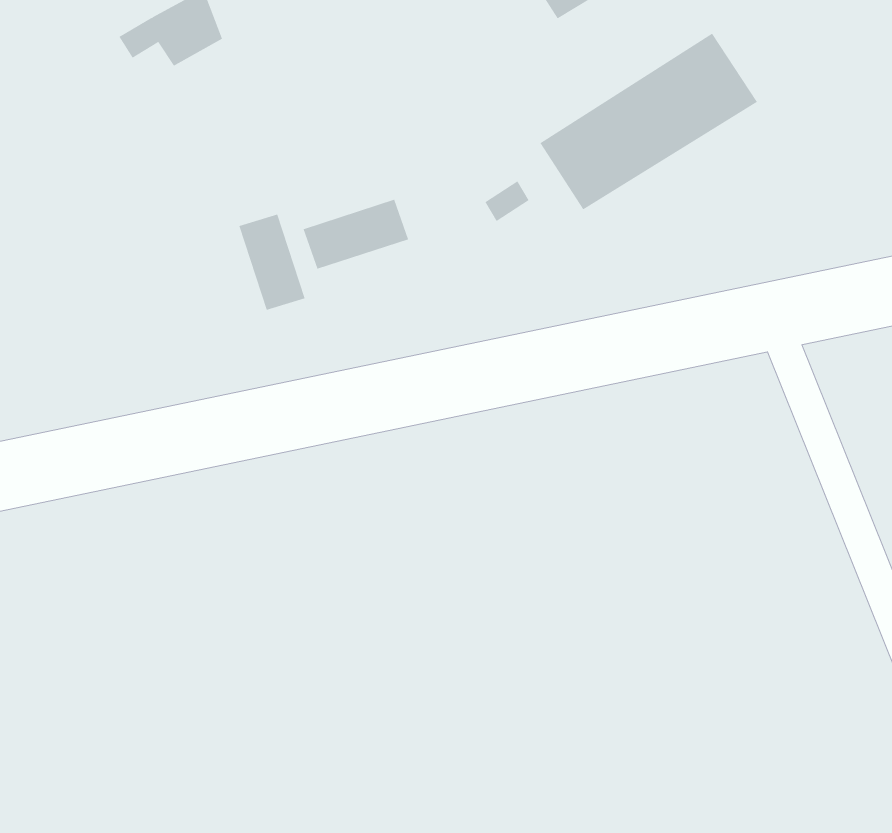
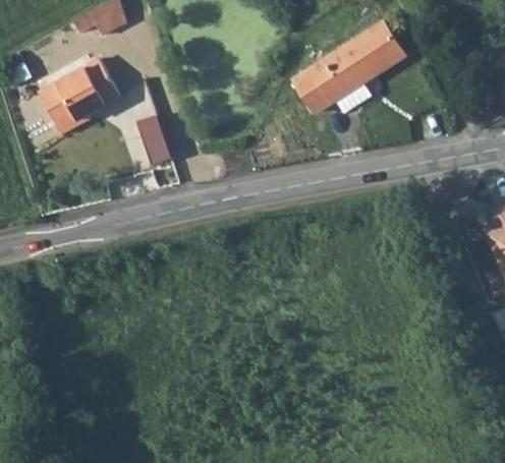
building: none -> [36,60,118,132]
building: [303,199,409,270] -> none

